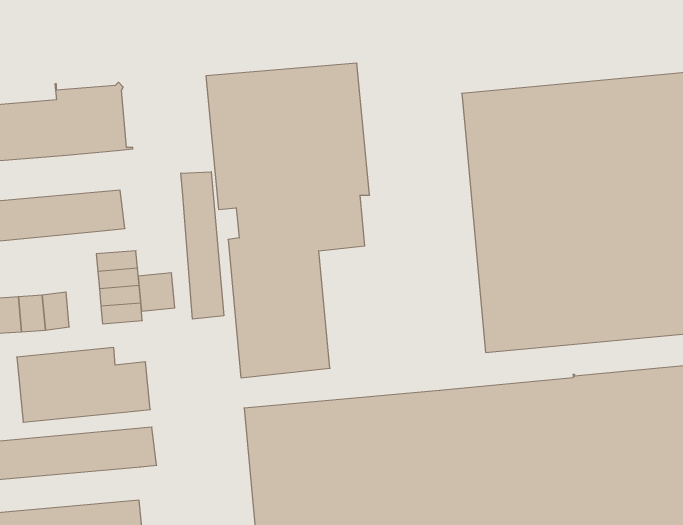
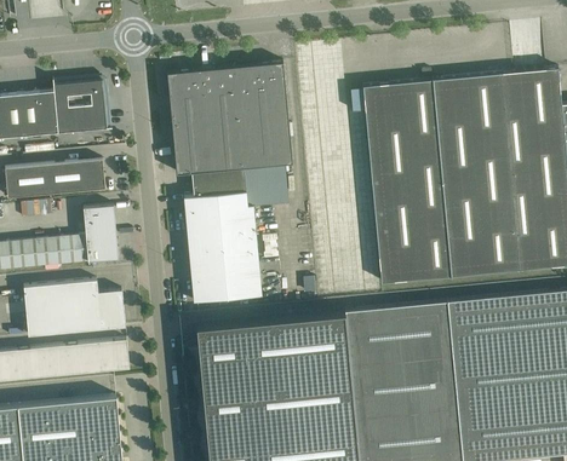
building: [181,172,224,319] -> none
building: [138,273,175,311] -> [61,236,88,265]

